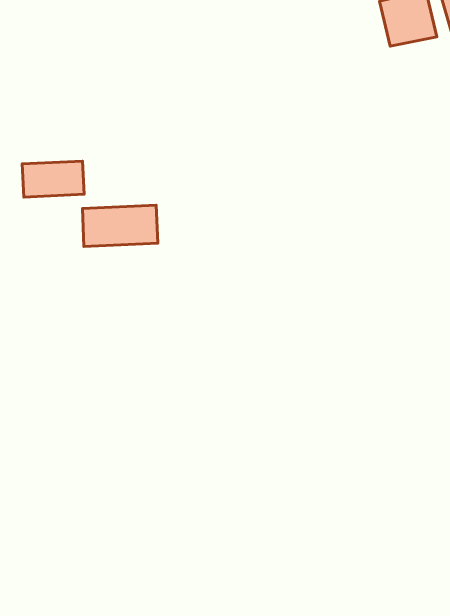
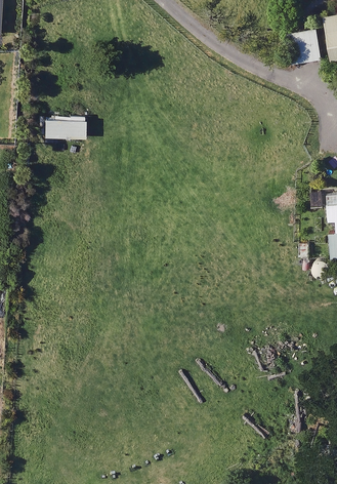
building: [82,205,158,247] -> none

